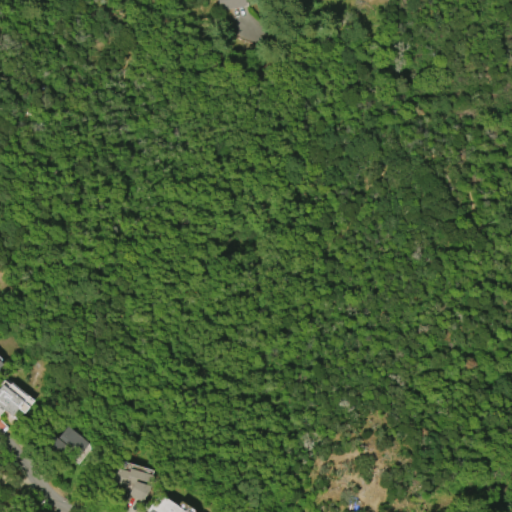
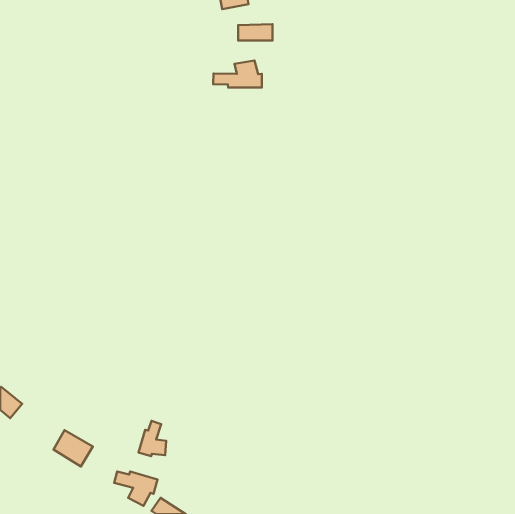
building: none -> [213,61,262,87]
building: none -> [139,421,166,456]

